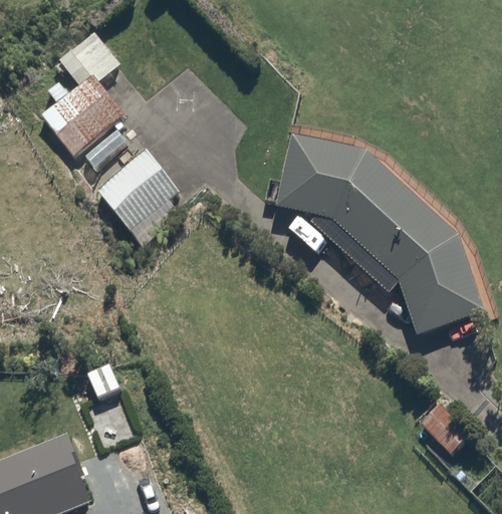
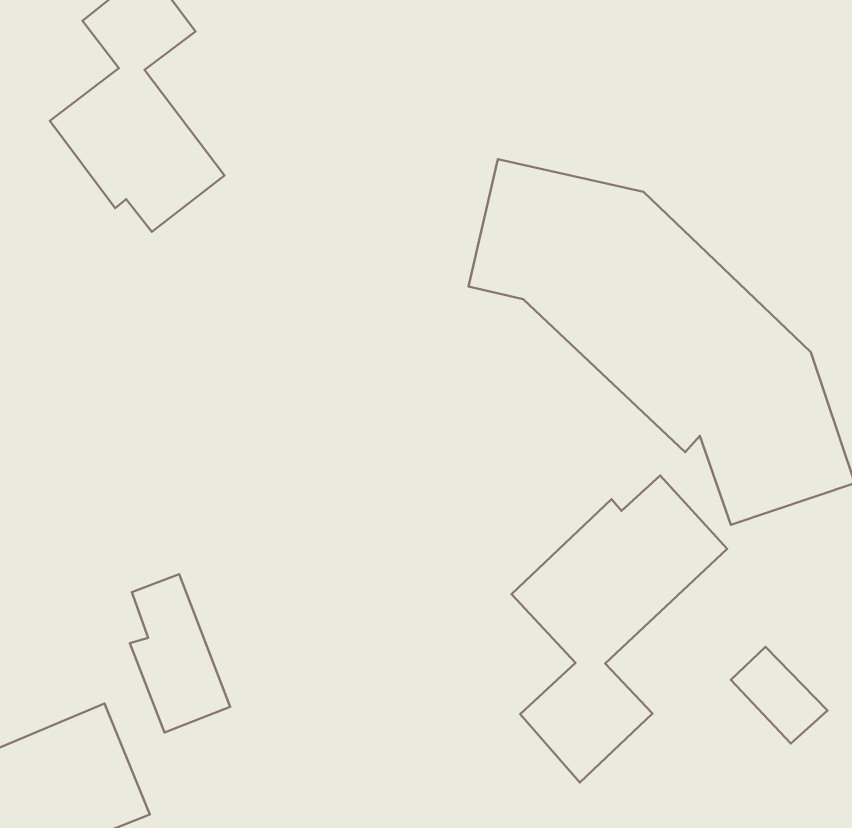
building: [98,150,180,229] -> none
building: none -> [511,475,727,783]

